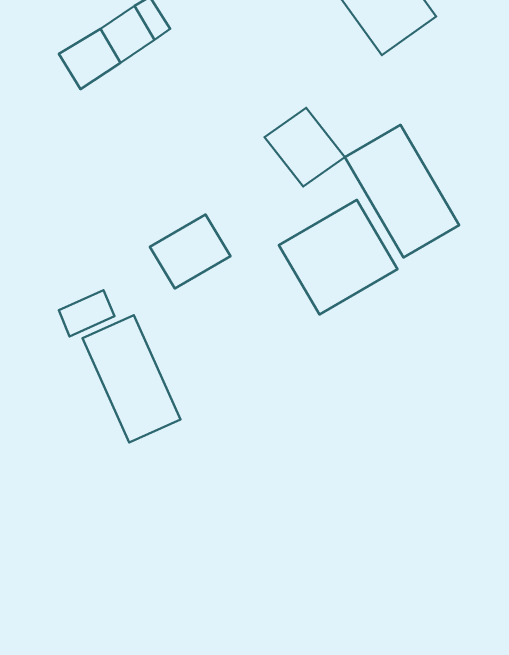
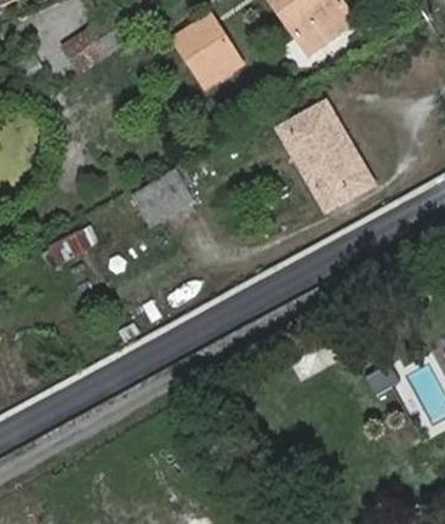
building: [264,108,345,187] -> [172,13,235,75]
building: [279,200,397,315] -> none
building: [83,315,181,442] -> none

